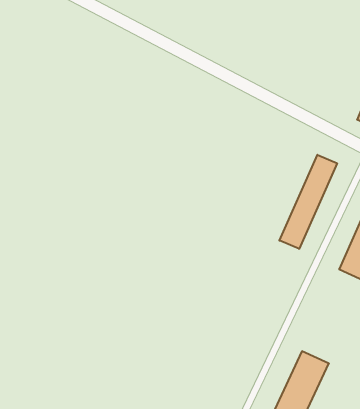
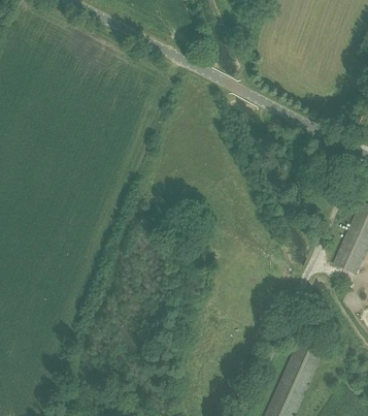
building: [279,155,337,249] -> none

